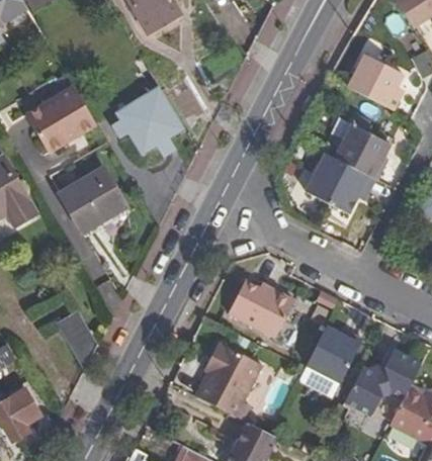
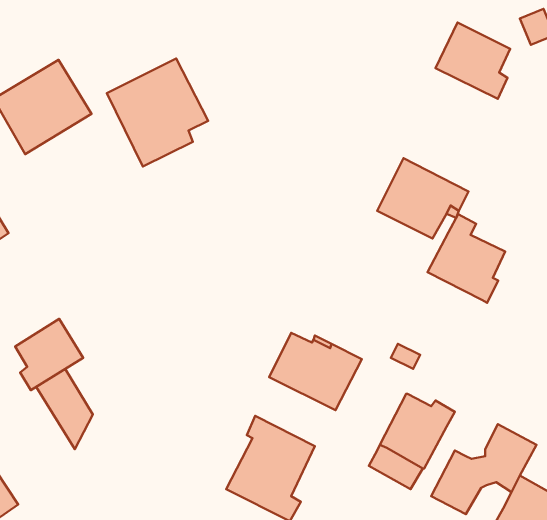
building: [333,116,390,181] -> [428,214,505,303]
building: [59,165,126,232] -> none
building: none -> [15,319,83,390]

